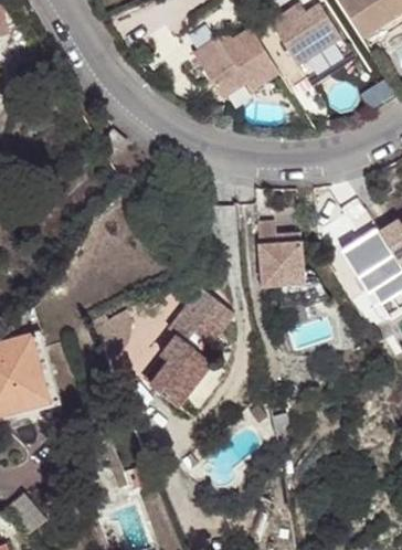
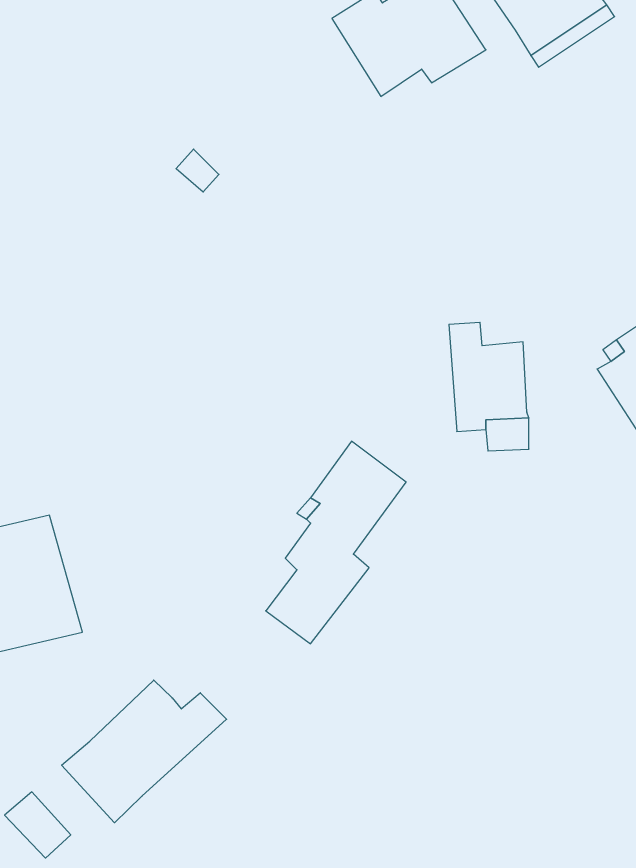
building: none -> [62,680,227,823]

